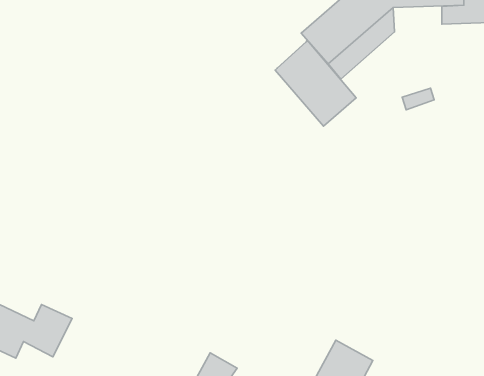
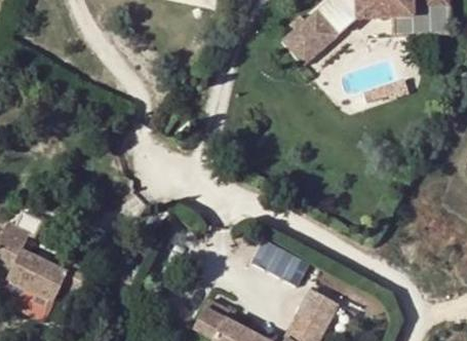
building: [275,40,356,126] -> none
building: none -> [252,239,309,282]

